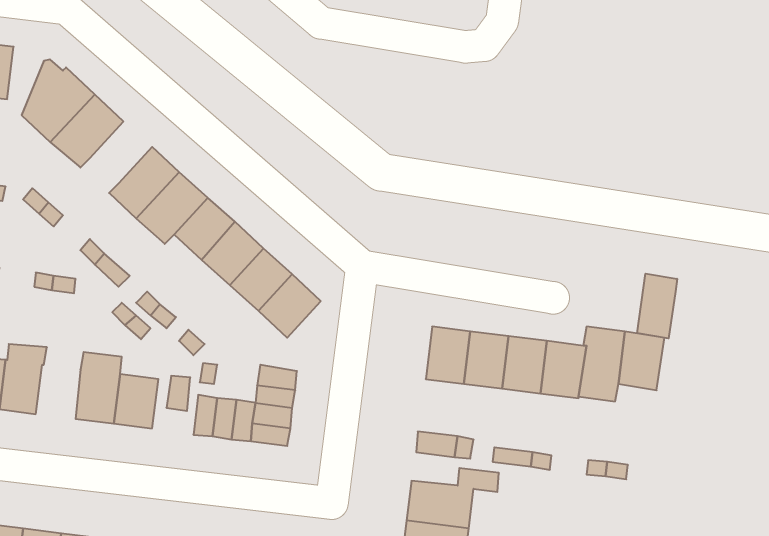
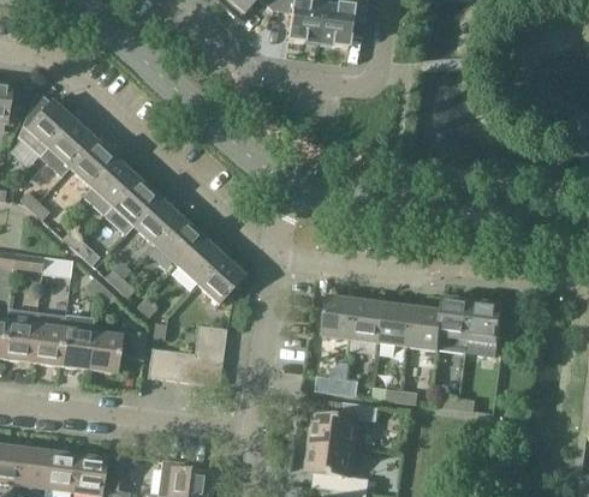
building: none -> [70,140,117,187]
building: [637,274,677,338] -> none
building: none -> [29,324,63,365]

